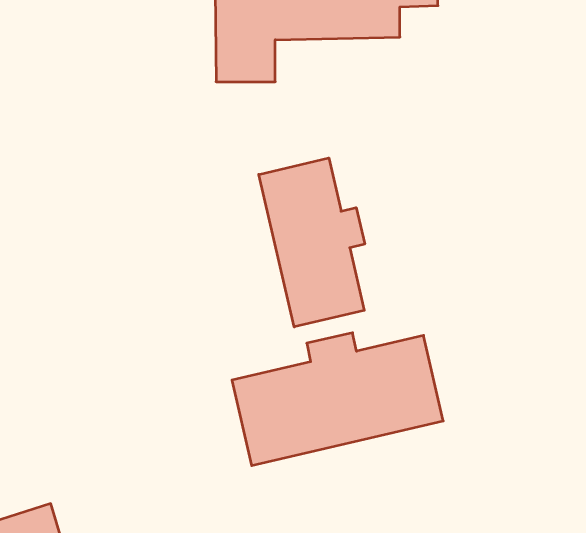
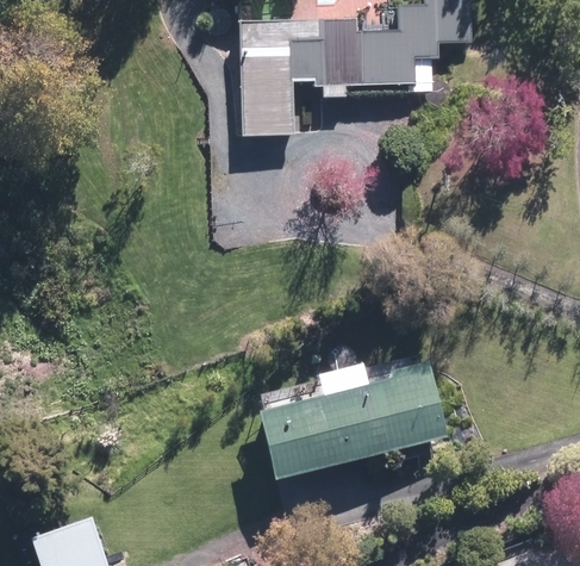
building: [259,158,365,327] -> none

